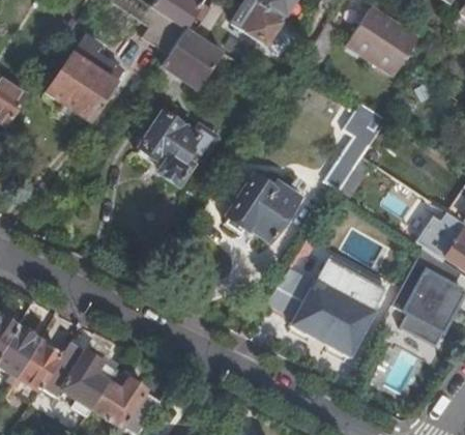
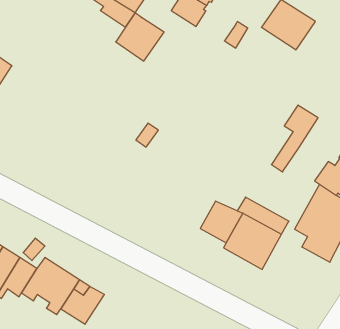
building: [47,53,117,120] -> none
building: [327,100,387,186] -> [271,105,318,172]
building: [140,113,216,184] -> none
building: [226,176,298,241] -> none

